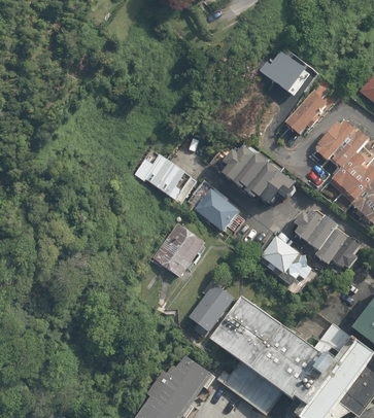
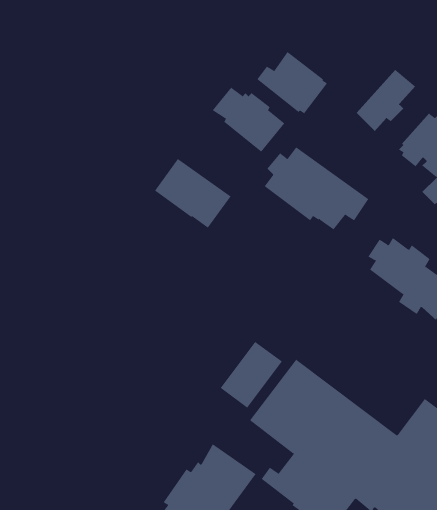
building: [260,51,310,96] -> [256,51,328,114]
building: [186,183,238,230] -> [212,87,285,153]
building: [152,222,205,276] -> none
building: [253,233,310,283] -> none

